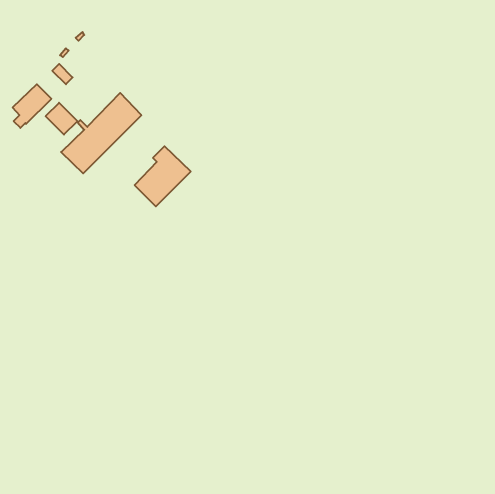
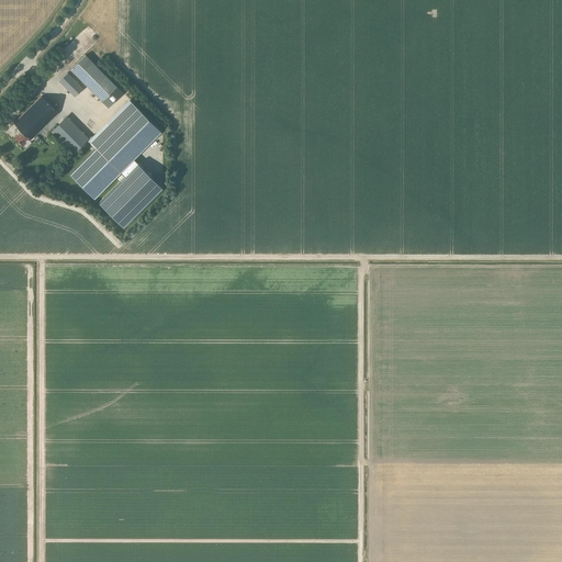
building: none -> [70,56,116,102]
building: [135,146,191,206] -> [99,159,162,227]

